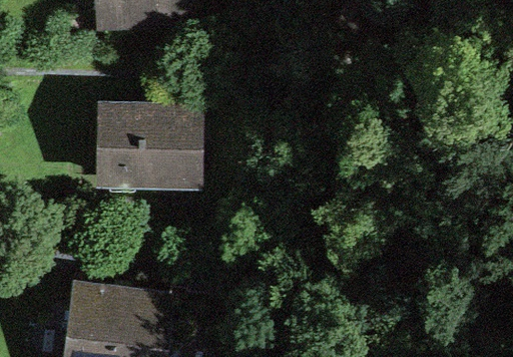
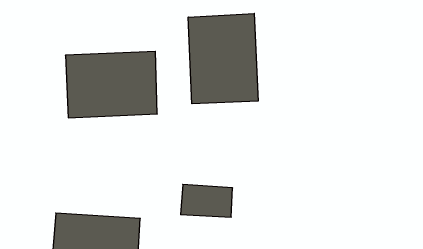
building: none -> [188,13,258,104]

